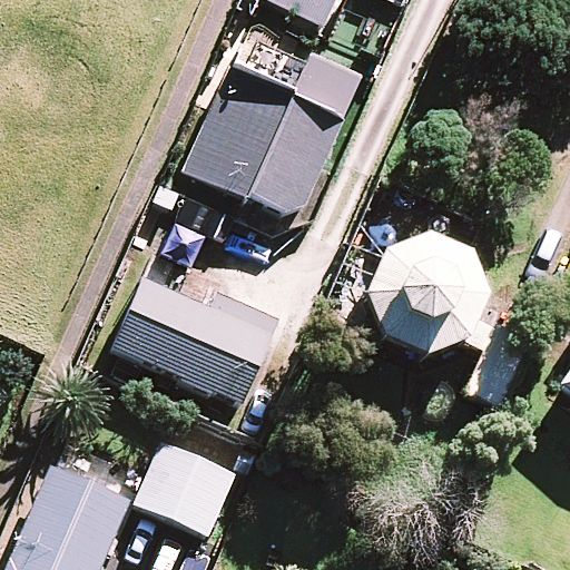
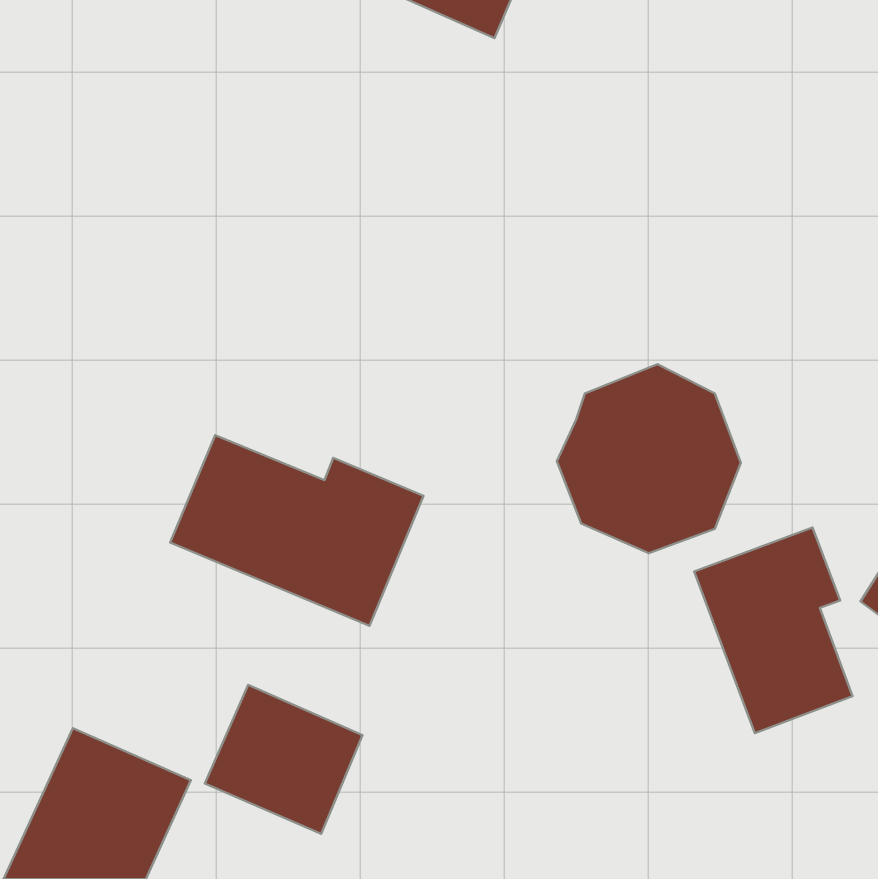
building: [186,57,358,219] -> none
building: none -> [694,528,853,733]

